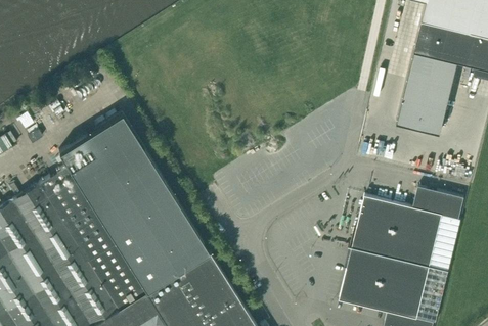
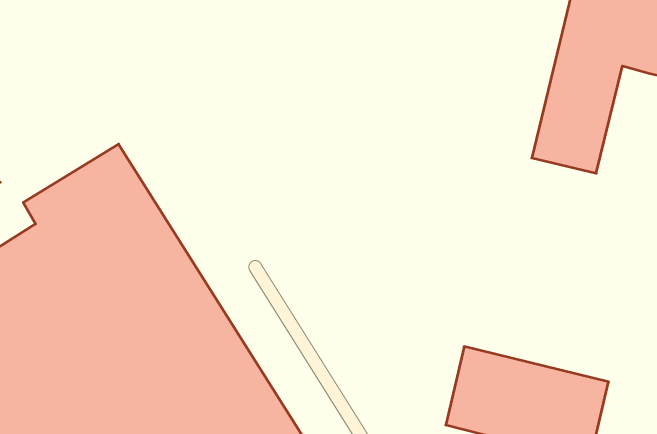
building: [352,188,464,273] -> none

